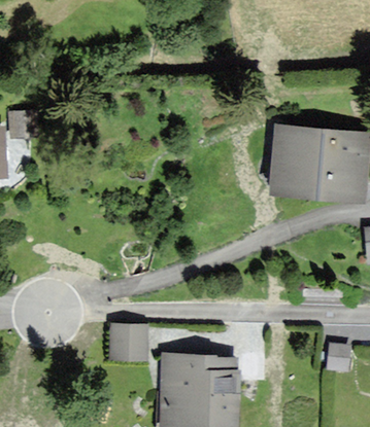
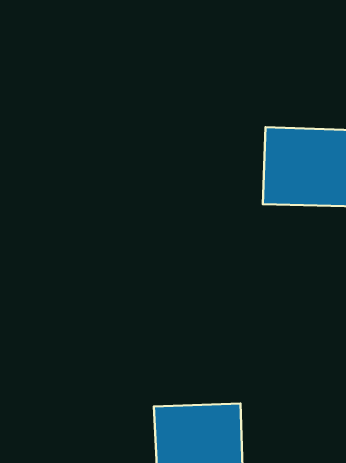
building: [111,324,146,359] -> none

